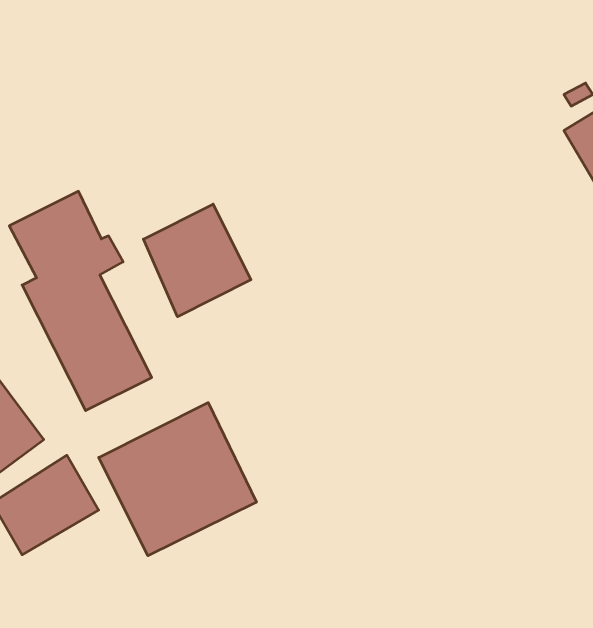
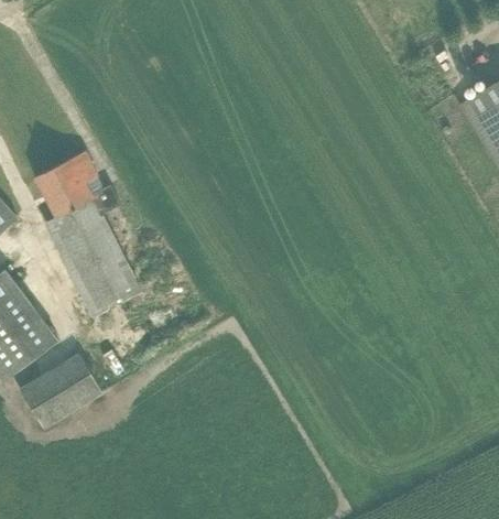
building: [143,204,251,317] -> none
building: [99,403,256,556] -> none

